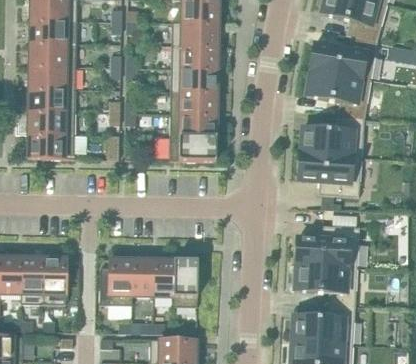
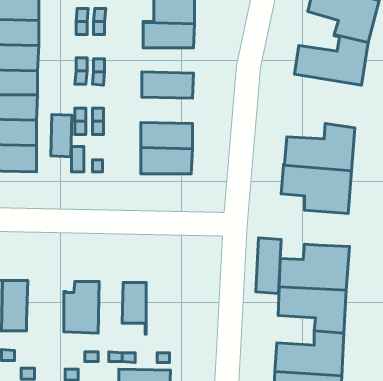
building: [171,44,218,67] -> none
building: [306,68,371,117] -> none
building: [170,89,217,113] -> none
building: none -> [51,114,72,157]
building: none -> [256,238,281,293]
building: [131,257,154,304] -> none
building: [175,258,198,305] -> none

